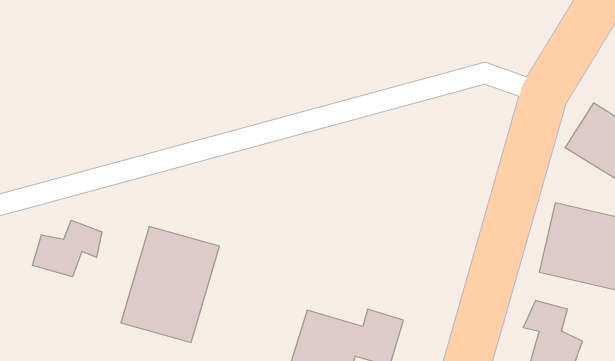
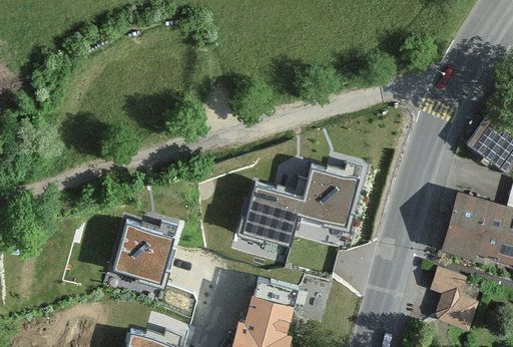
building: none -> [236,160,363,248]
building: [32,220,102,277] -> none

